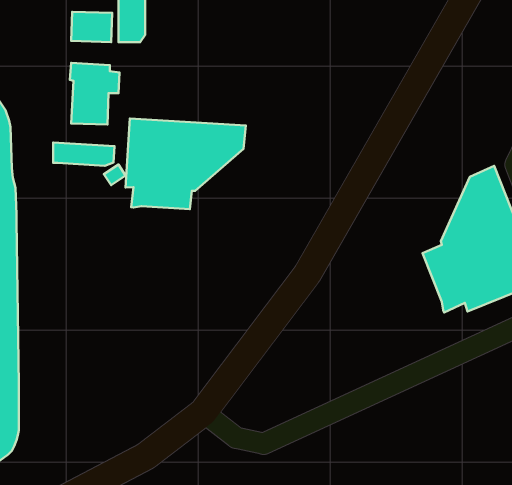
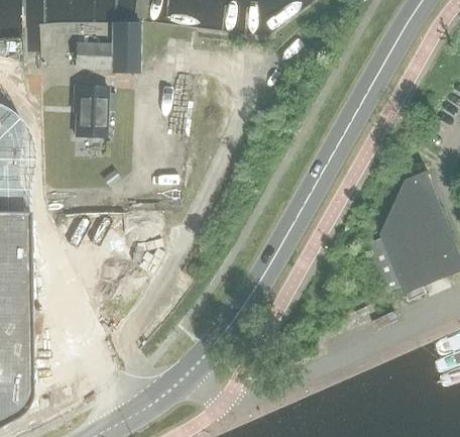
building: [125,119,246,209] -> none
building: [53,143,114,166] -> none

